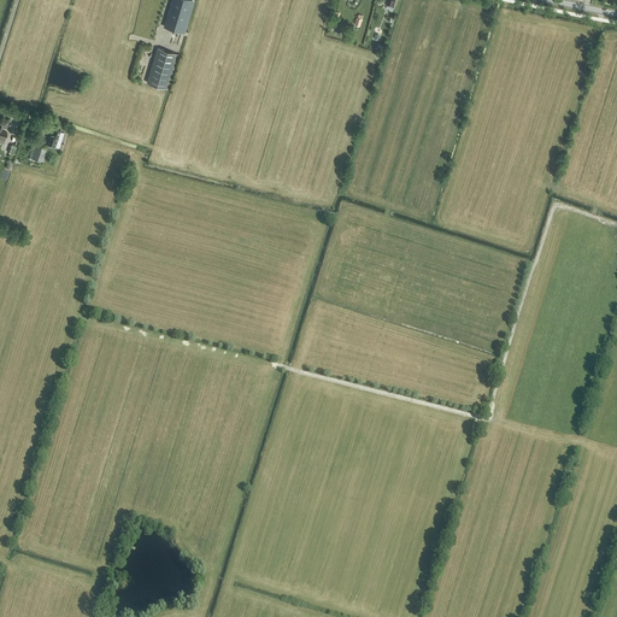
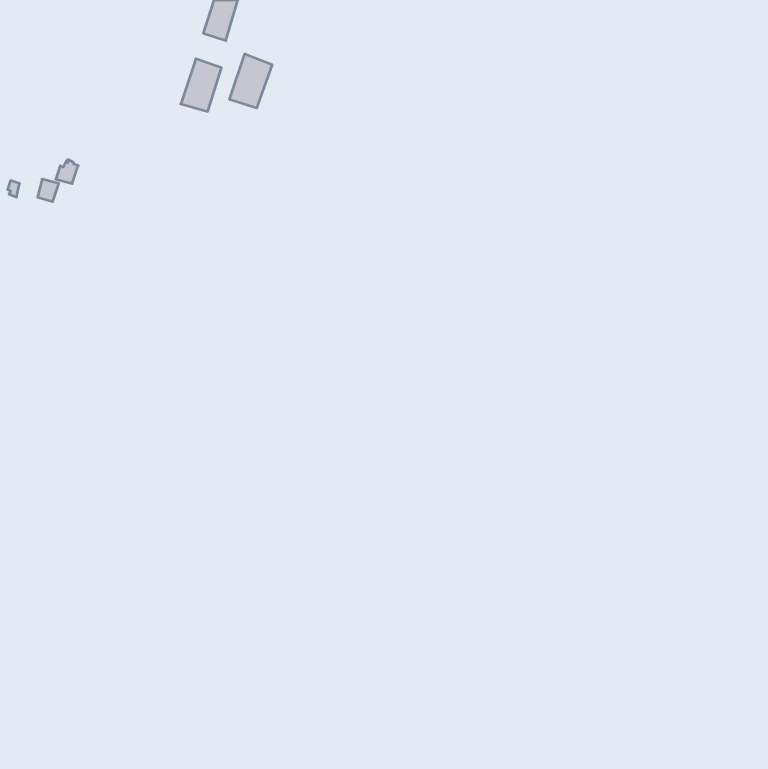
building: none -> [230,54,272,108]

